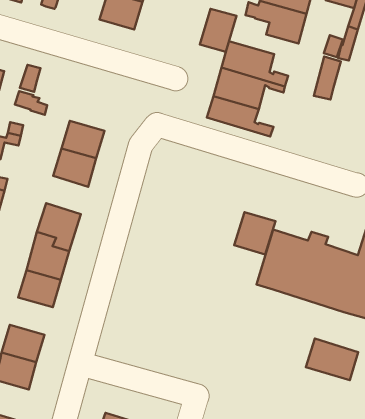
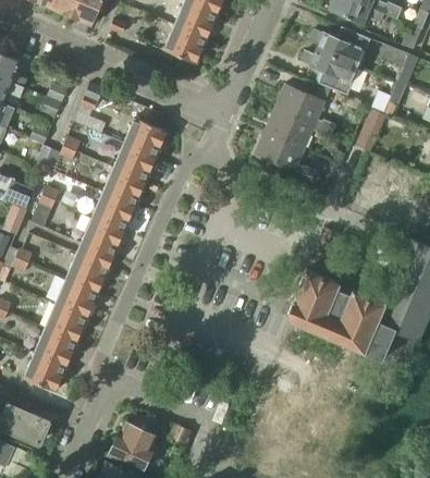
building: [200,9,237,52] -> none
building: none -> [124,118,167,156]
building: none -> [93,193,134,232]
building: [234,212,276,254] -> none
building: none -> [45,304,87,342]
building: [306,339,358,380] -> none

